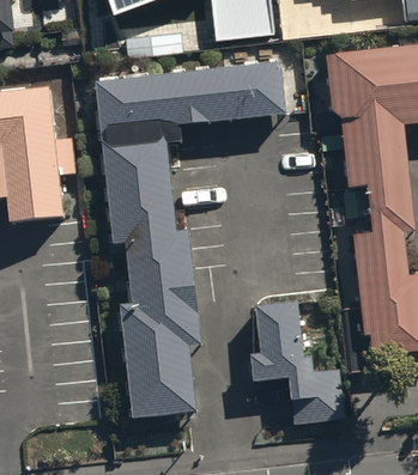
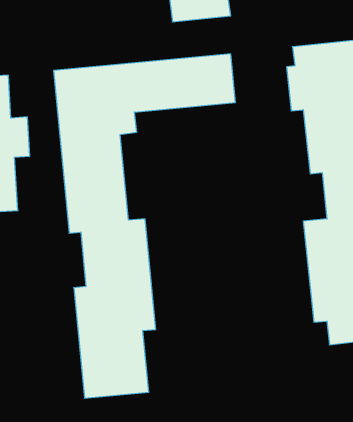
building: [255,294,346,422] -> none

